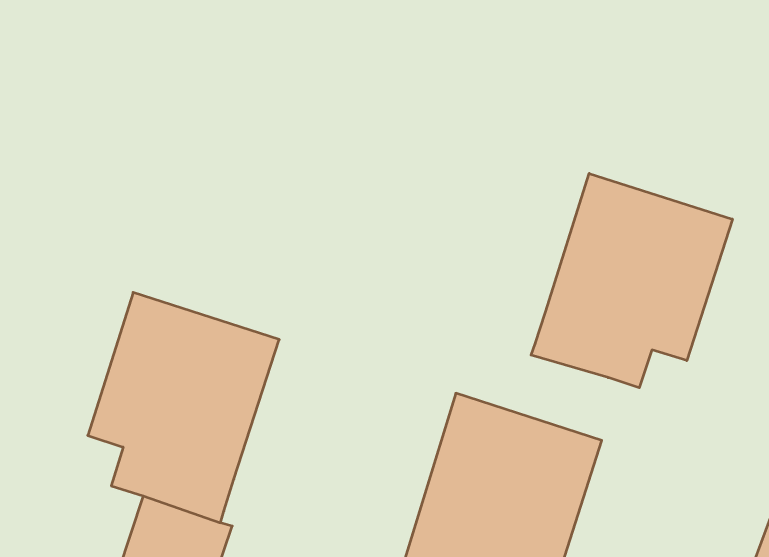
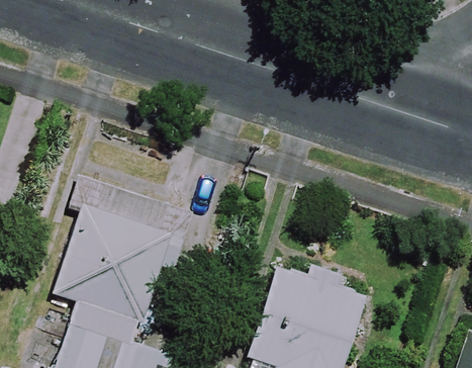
building: [531,173,732,388] -> none

